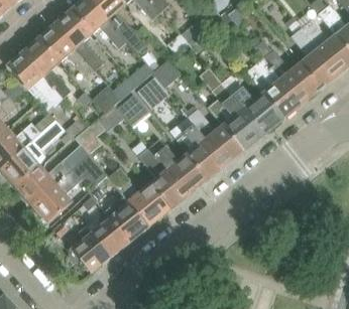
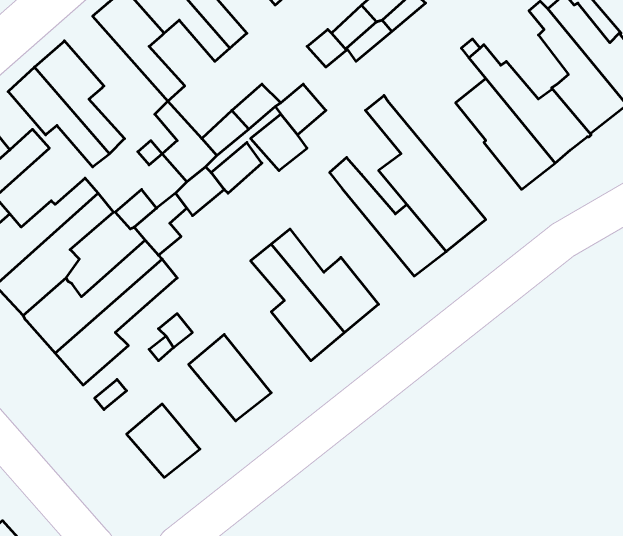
building: [37,25,93,78] -> none
building: [211,62,282,134] -> none
building: [177,118,225,179] -> none
building: [109,167,169,226] -> none
building: [90,217,129,257] -> none

